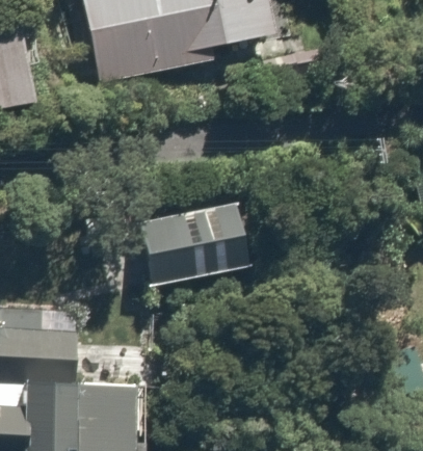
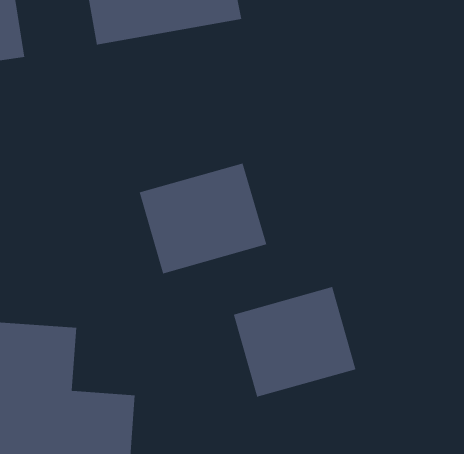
building: none -> [233,286,356,398]

